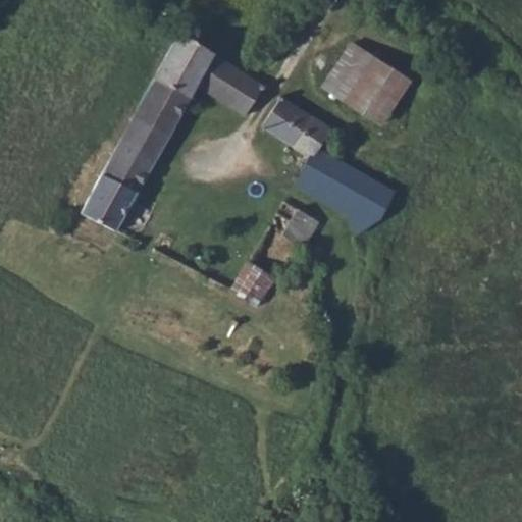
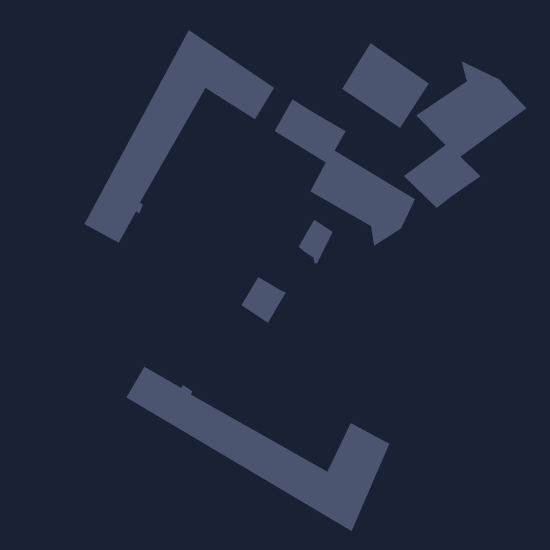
building: none -> [403,60,527,209]
building: none -> [125,366,390,532]

